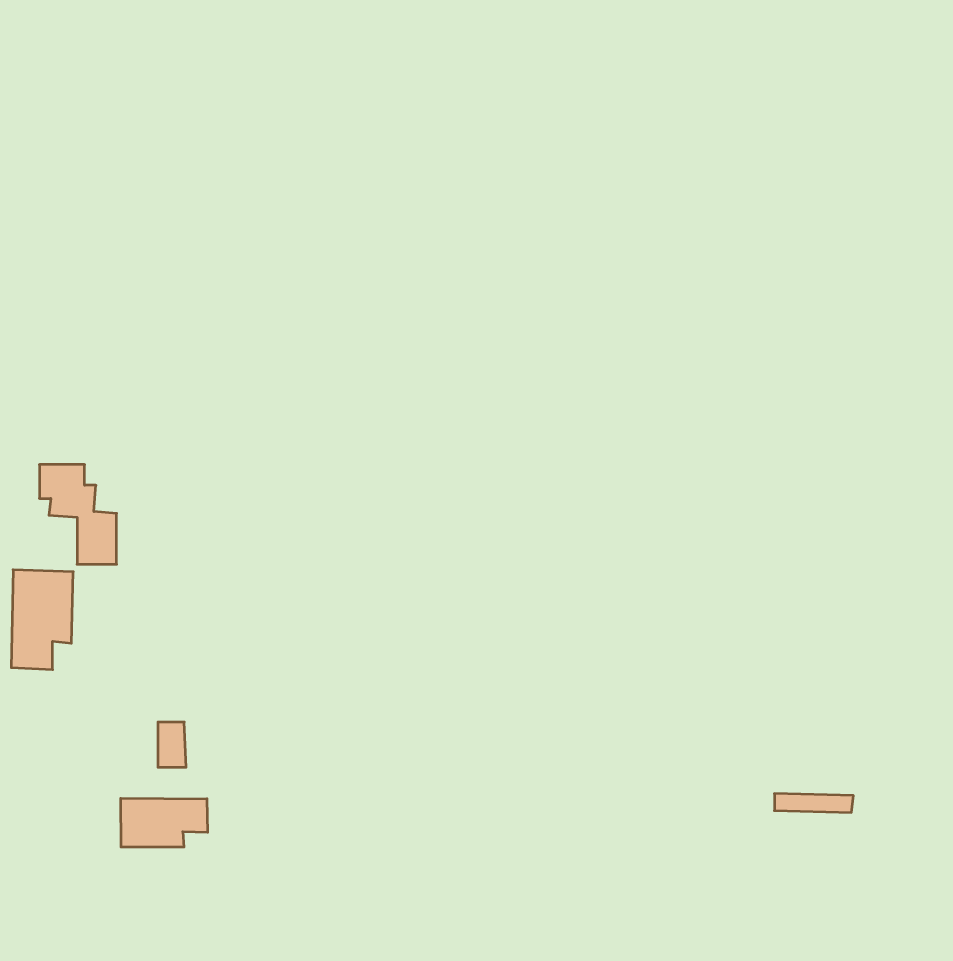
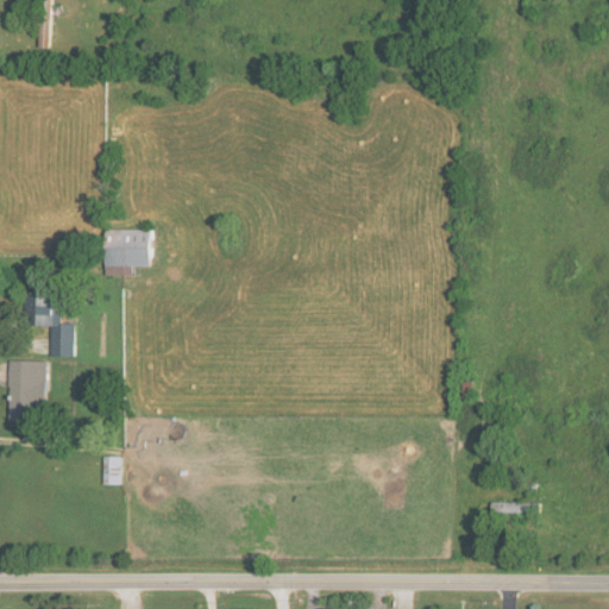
building: none -> [103,228,151,276]
building: [121,798,208,847] -> none

